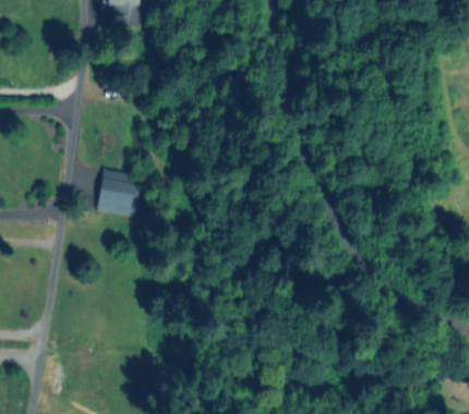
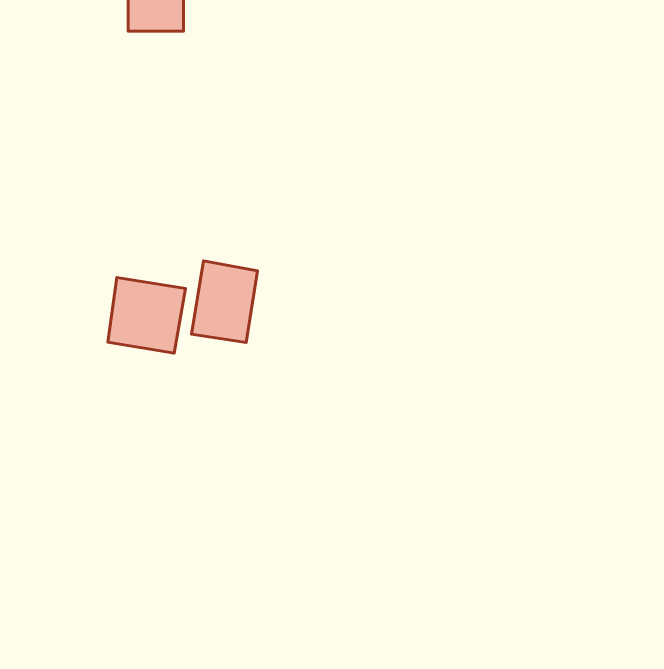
building: none -> [192,261,257,343]

